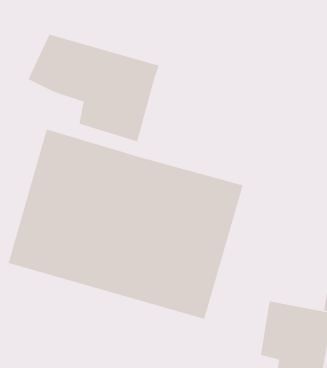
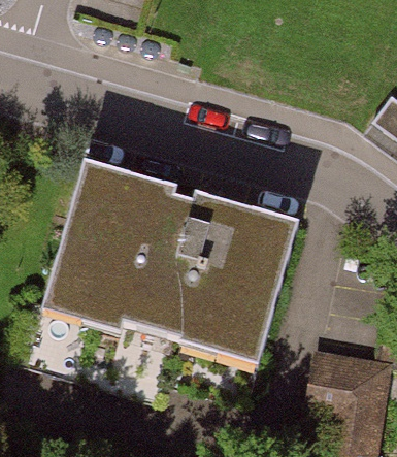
building: [28,34,159,142] -> none

